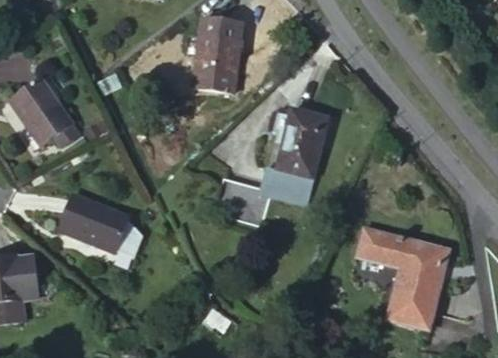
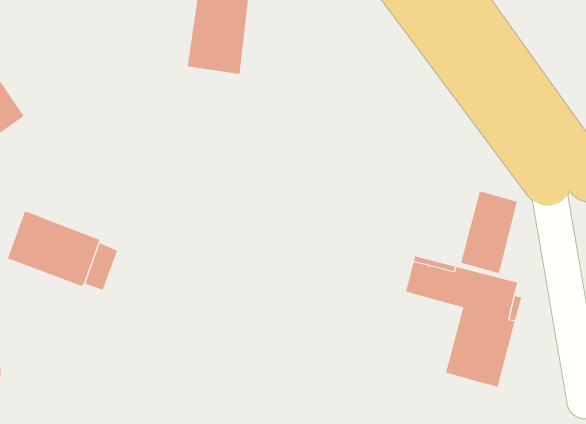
building: [215,109,328,225] -> none
building: none -> [461,191,517,274]

